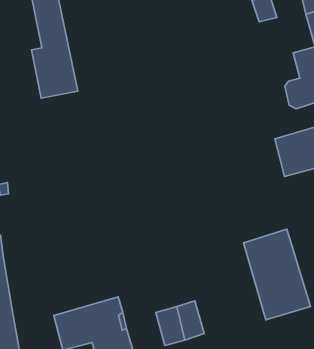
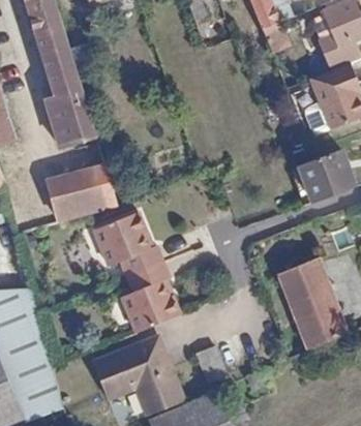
building: none -> [42,164,116,223]
building: none -> [98,214,177,334]

